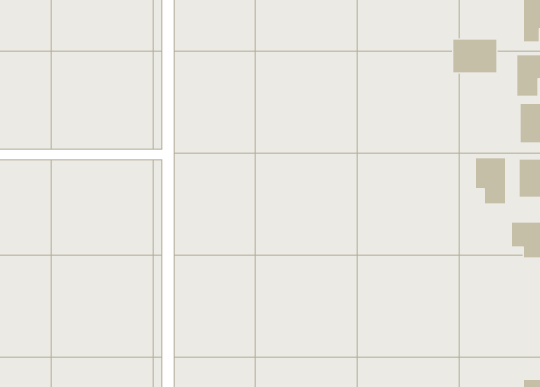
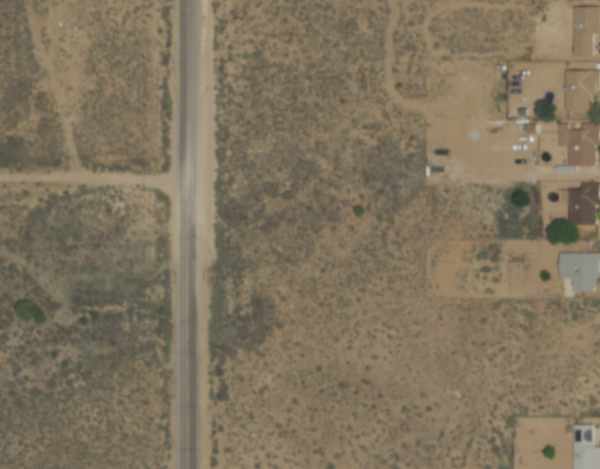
building: [453,39,497,73] -> none
building: [475,157,505,204] -> none

